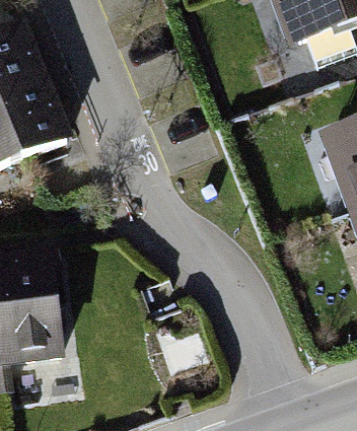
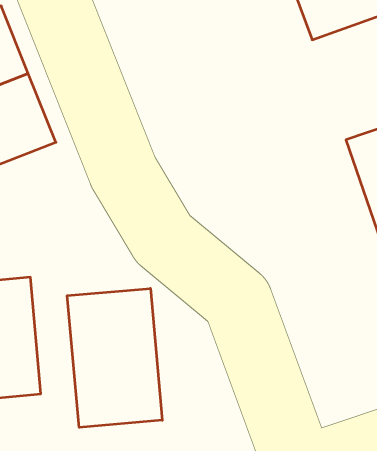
building: none -> [67,288,162,427]

